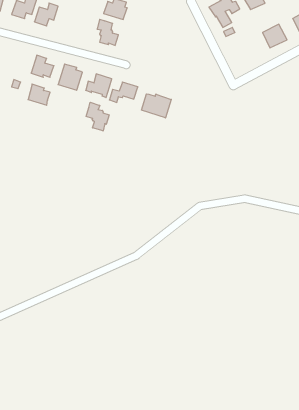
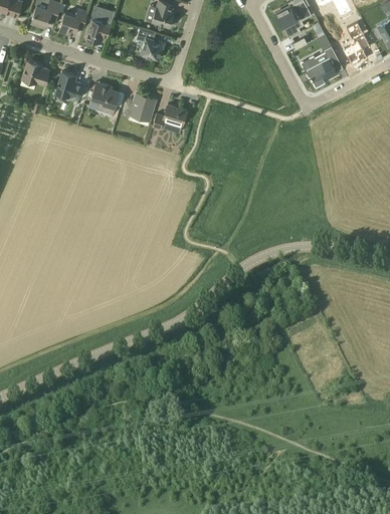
building: none -> [86,10,117,41]
building: none -> [298,45,345,85]
building: [28,84,50,105] -> [23,59,50,85]
building: [141,94,171,118] -> none
building: [86,102,109,131] -> none

